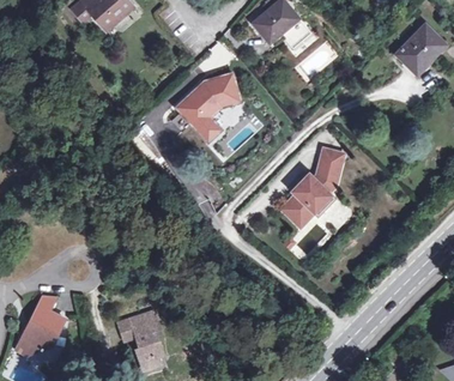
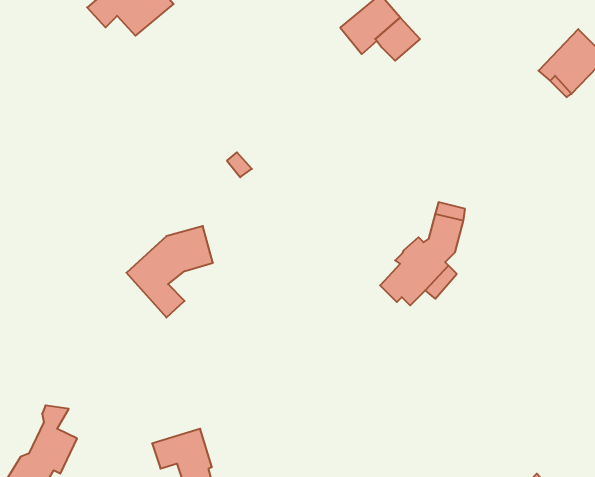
building: [176,73,238,139] -> [126,226,213,318]

